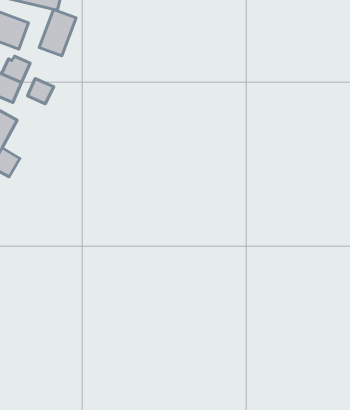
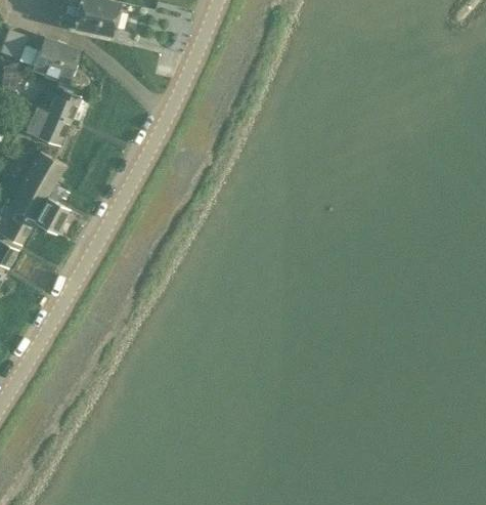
building: [39,9,76,56] -> none
building: [28,79,54,104] -> none

